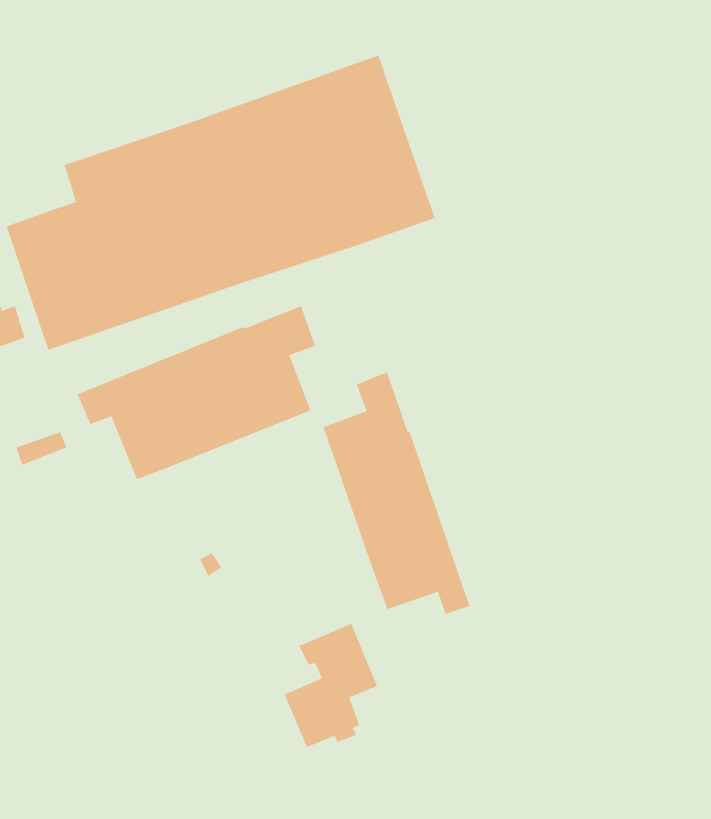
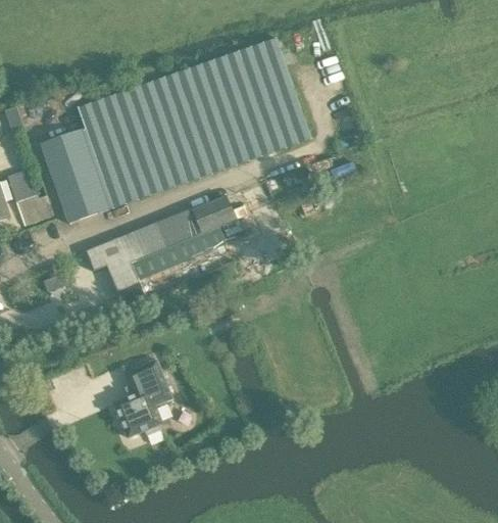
building: [323,371,470,614] -> none
building: [284,623,378,748] -> [112,358,171,436]

